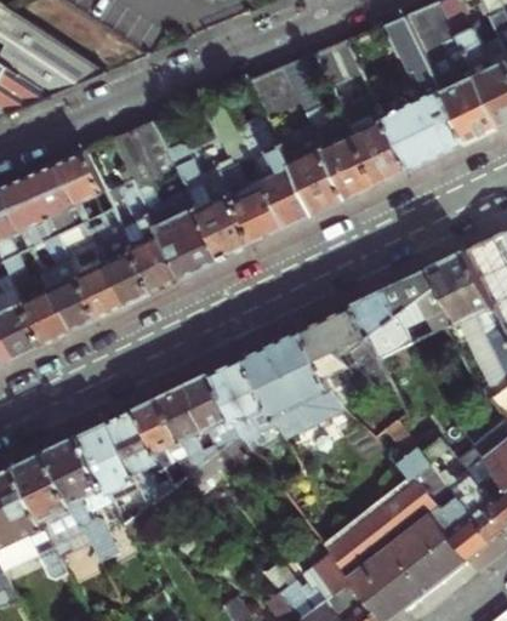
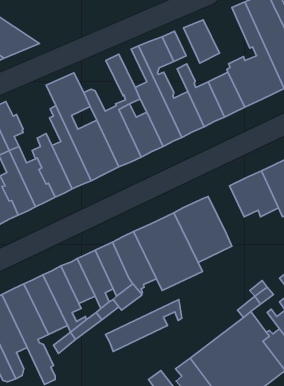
building: [53,148,113,216] -> none
building: [353,286,411,357] -> none
building: none -> [106,300,182,351]

